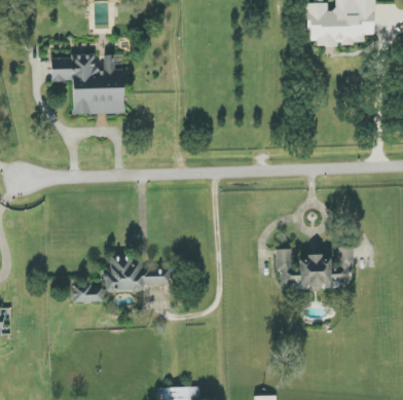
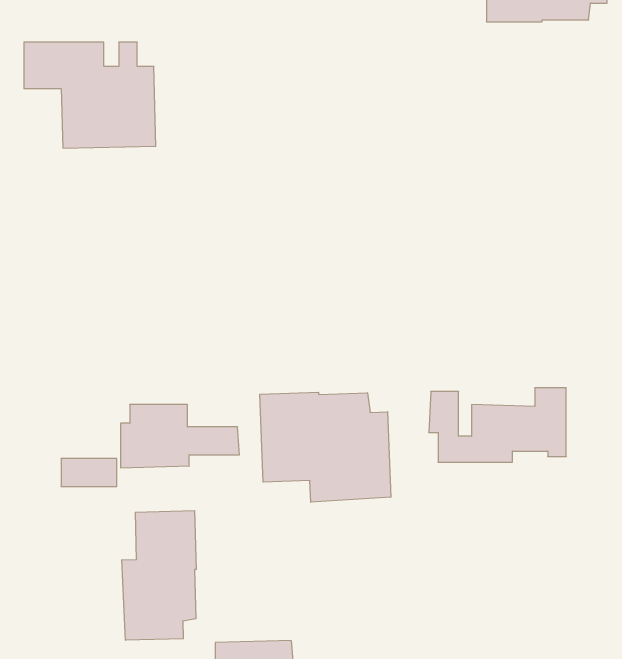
building: none -> [260,392,391,502]
building: none -> [122,511,196,640]

